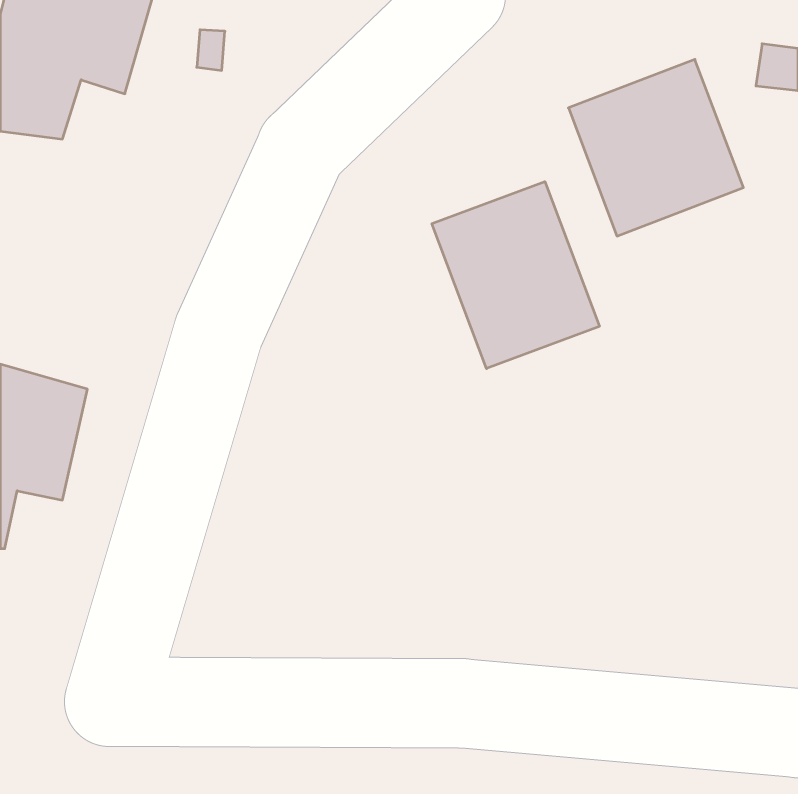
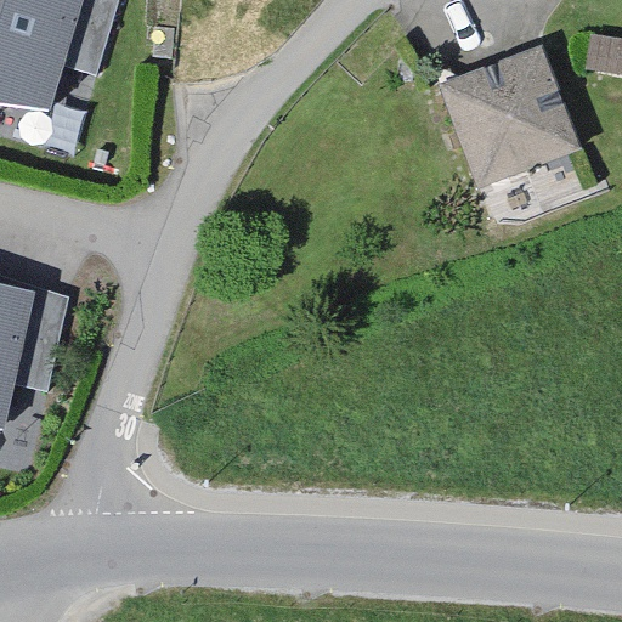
building: [432,182,599,369] -> none

